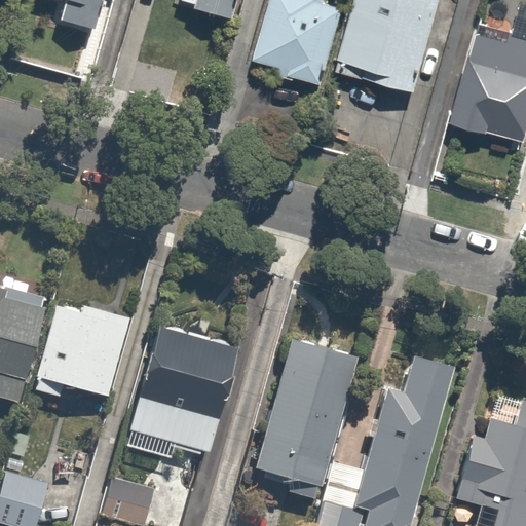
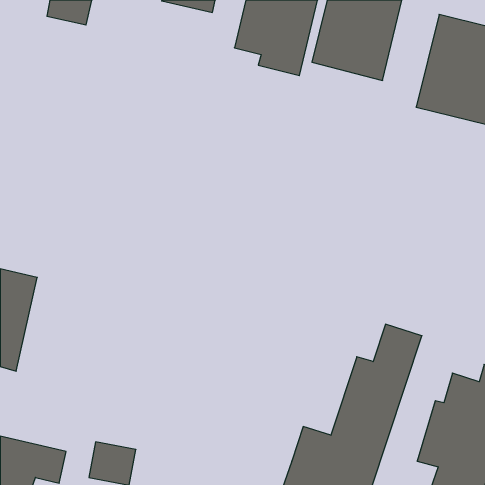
building: [33,300,129,398] -> none
building: [124,322,237,458] -> none
building: [246,339,363,499] -> none

